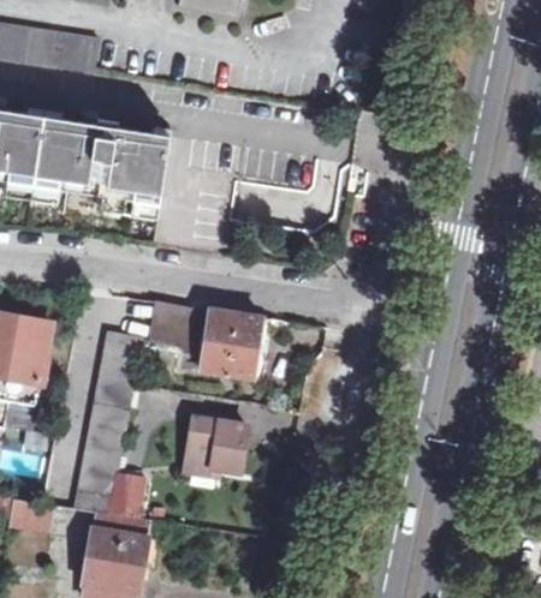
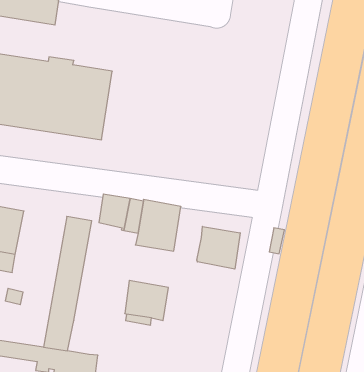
building: none -> [197,226,240,269]
building: [108,470,144,515] -> none

